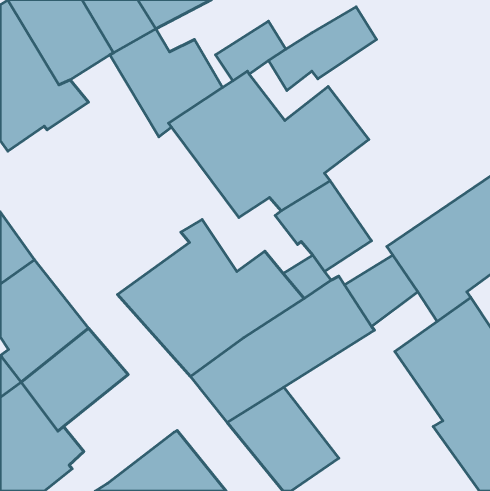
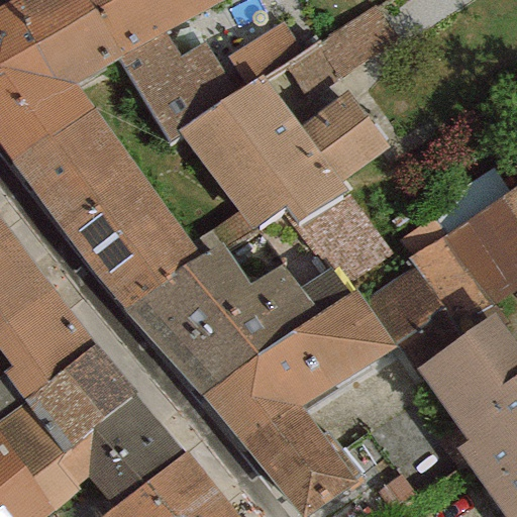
building: none -> [10,107,201,309]
building: none -> [69,393,185,507]

